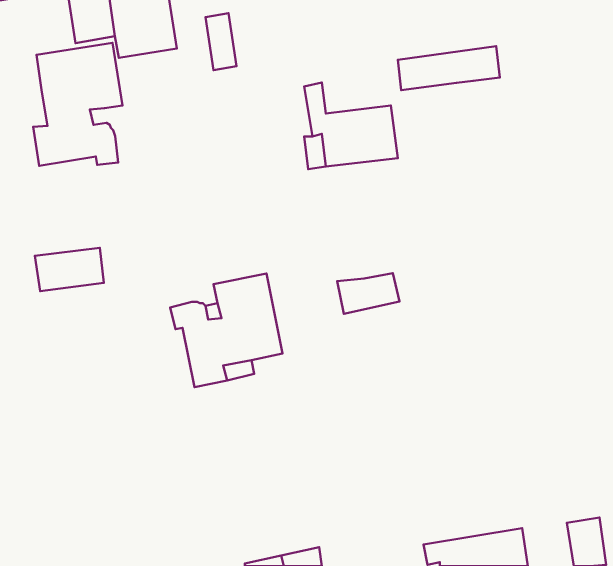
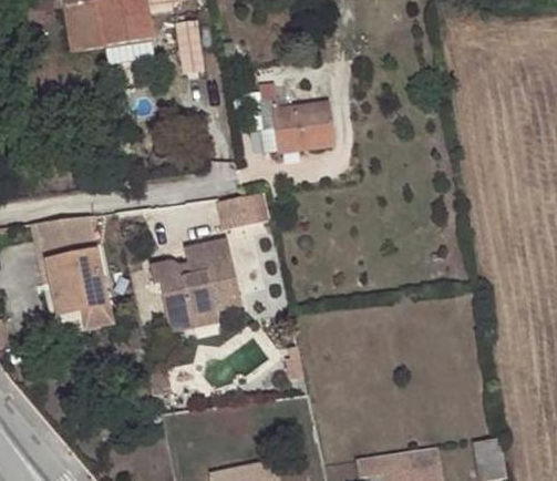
building: [33,43,123,166] -> none
building: [398,46,500,90] -> none
building: [337,273,400,314] -> [218,193,269,226]
building: none -> [44,249,109,316]

